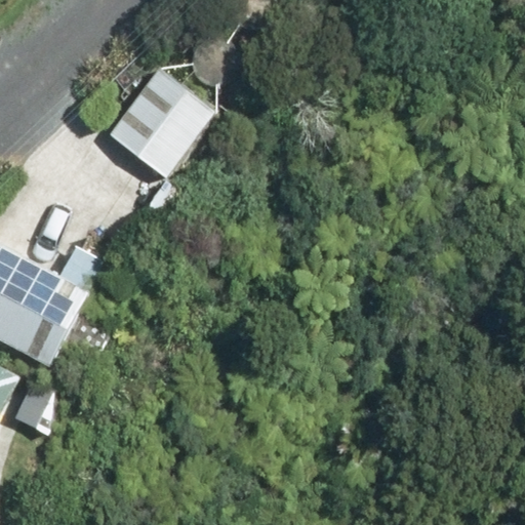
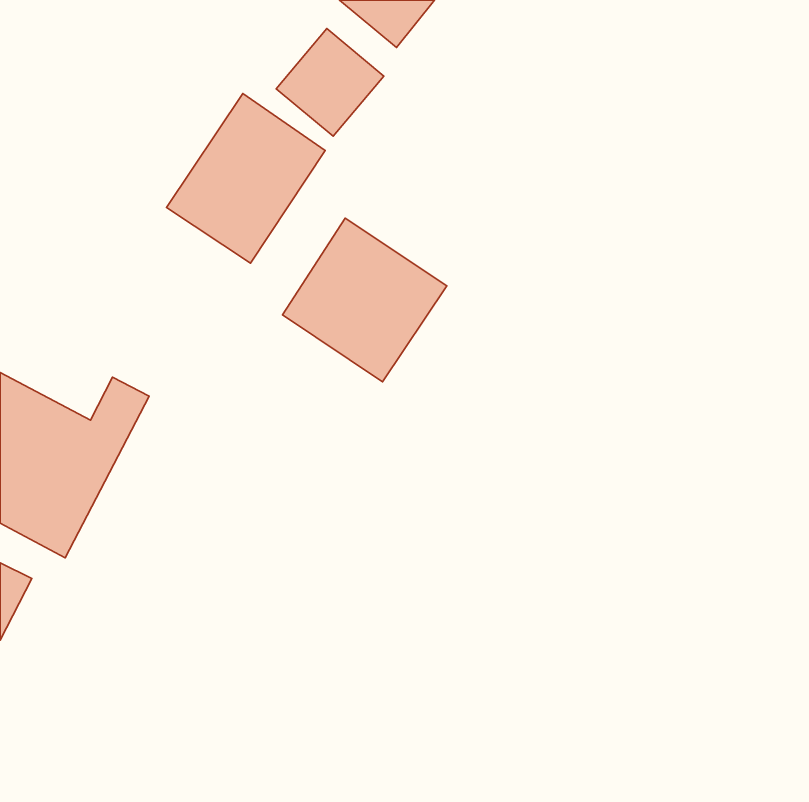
building: none -> [283,218,447,382]

